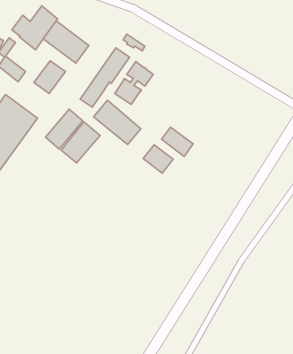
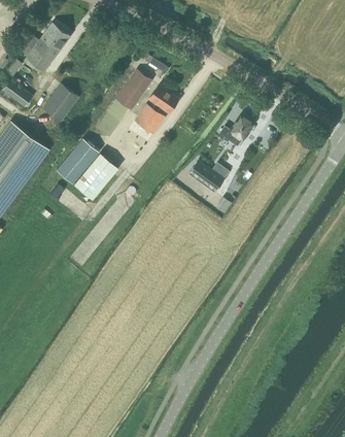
building: [43,21,89,63] -> none
building: none -> [218,116,251,146]
building: [93,100,141,145] -> none
building: [143,145,173,173] -> none

